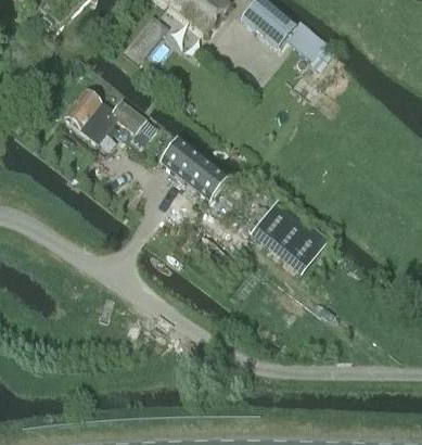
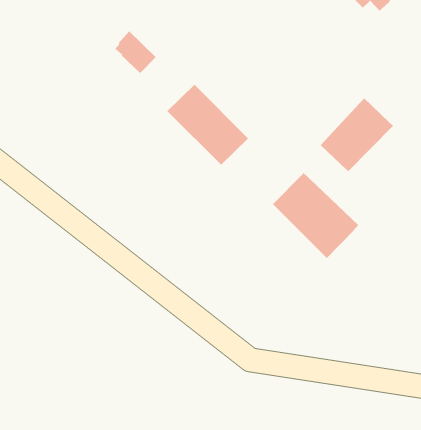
building: [64,90,116,143] -> none
building: none -> [320,98,394,173]

